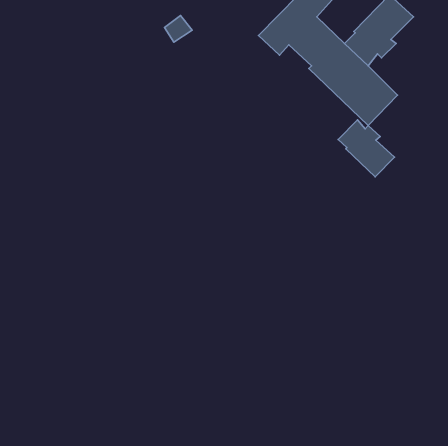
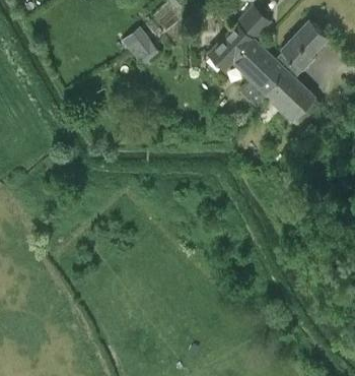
building: [338,120,394,177] -> none

